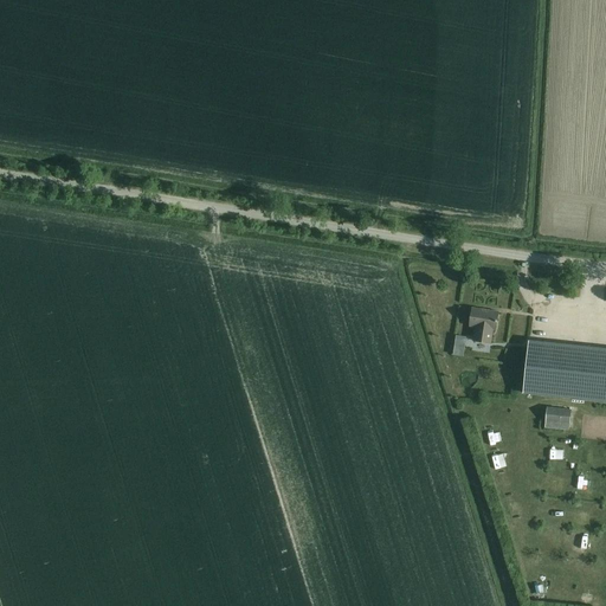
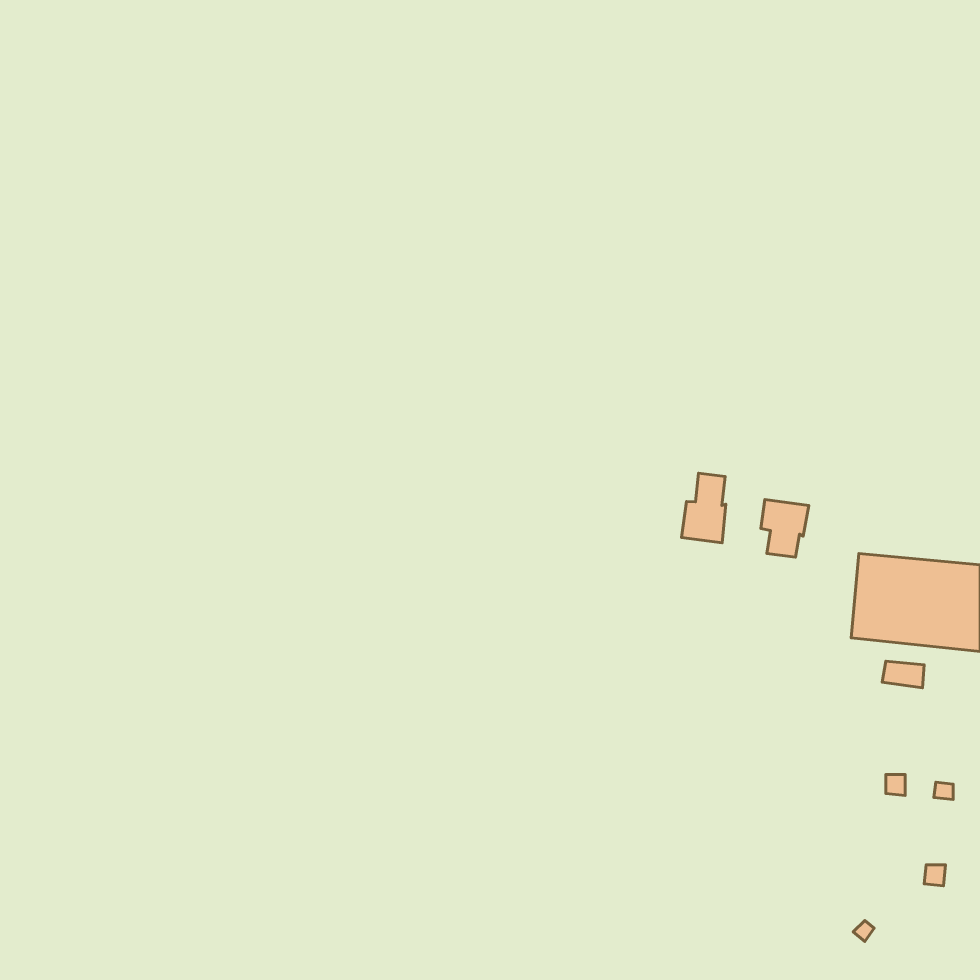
building: none -> [682,473,726,543]

